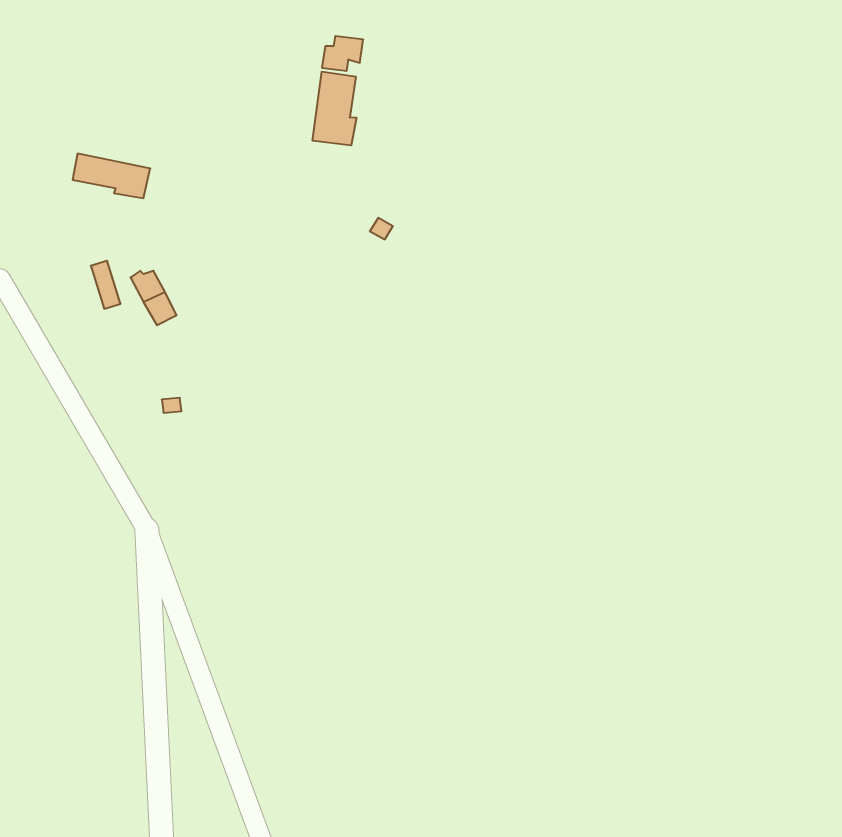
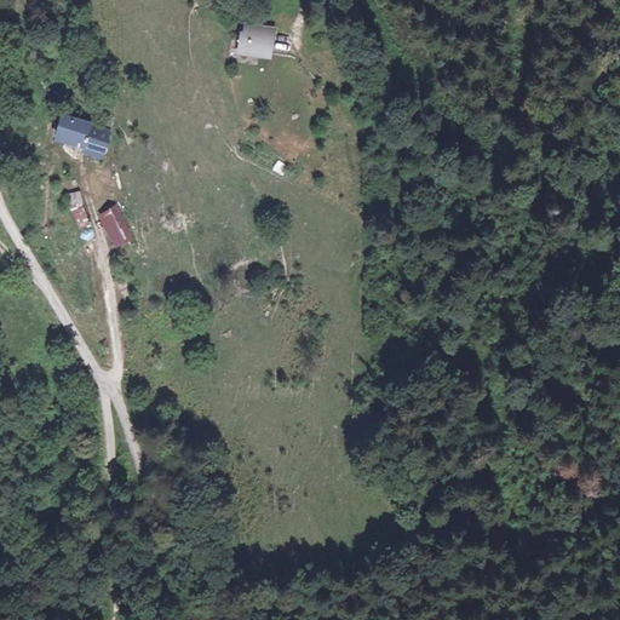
building: [313,72,356,145] -> none

